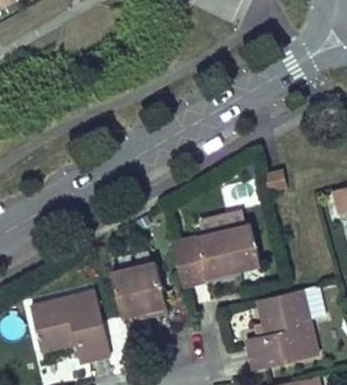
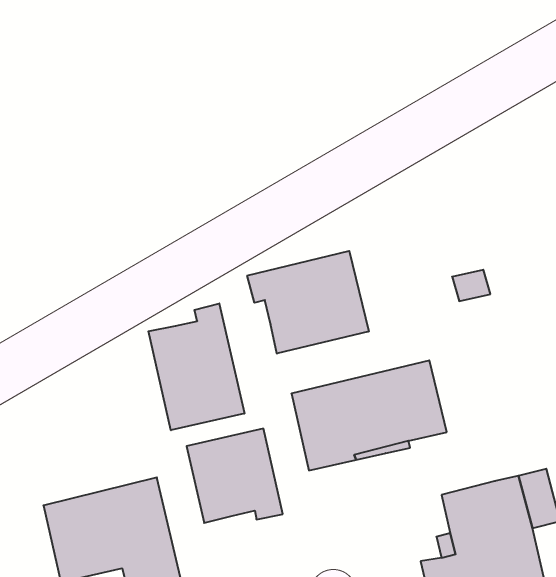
building: none -> [247,251,369,354]
building: none -> [148,303,244,430]

